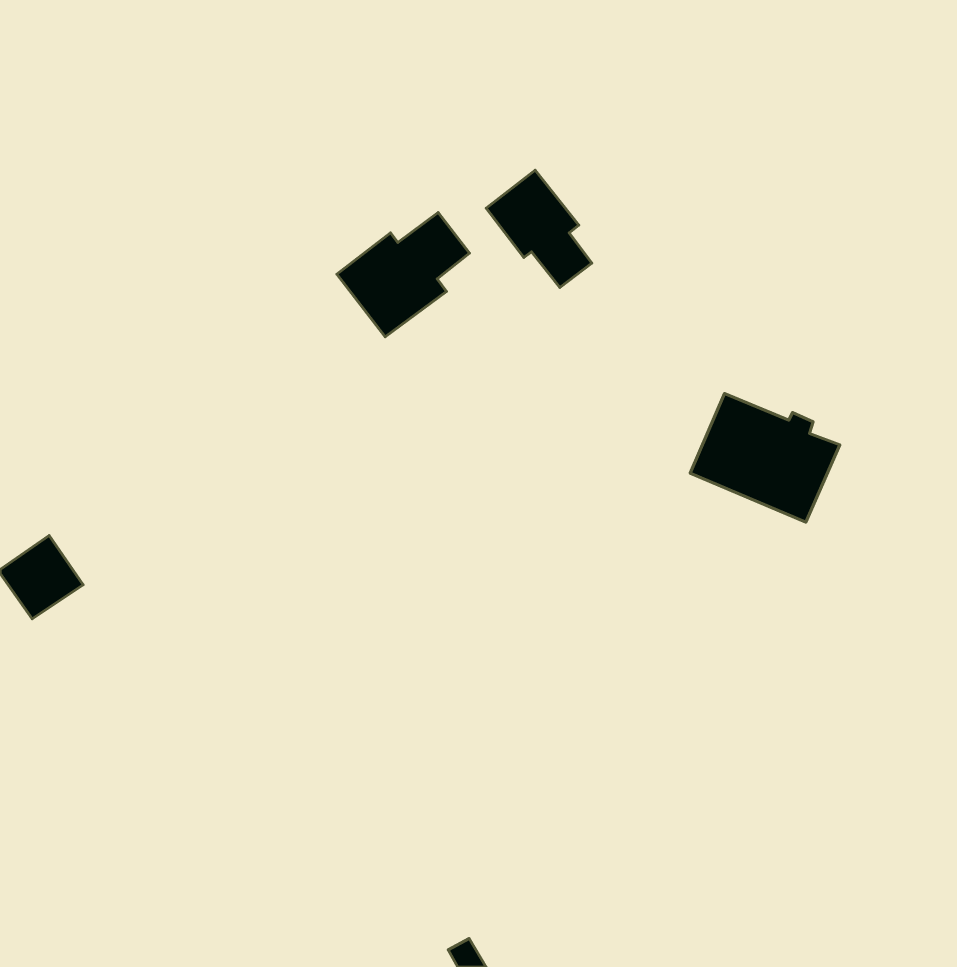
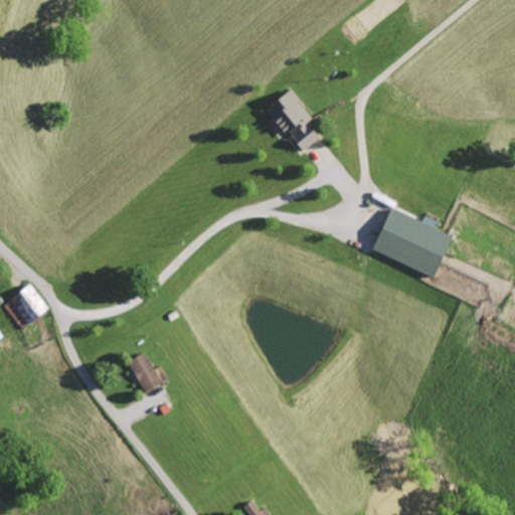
building: [337,212,470,337] -> none
building: none -> [129,353,163,393]

